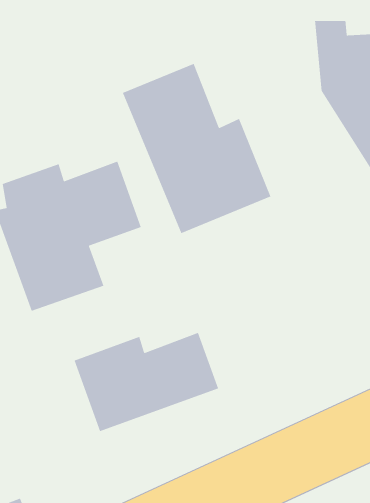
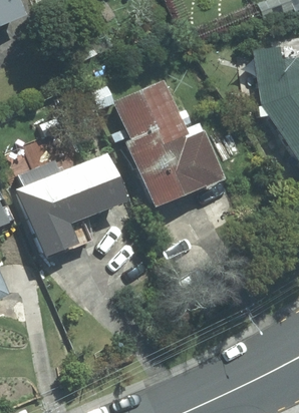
building: [73,332,219,432] -> none

